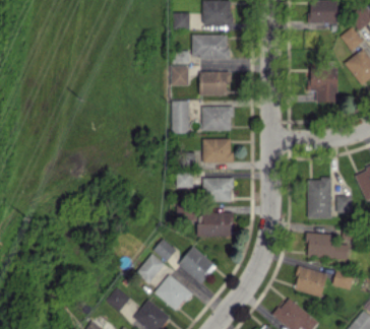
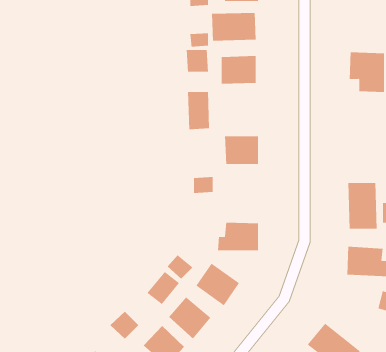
building: [202,107,232,131] -> none
building: [202,178,233,201] -> none
building: [293,267,328,298] -> none

